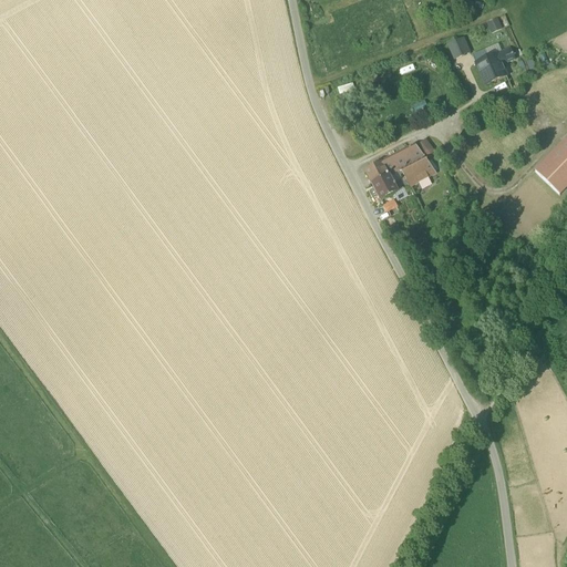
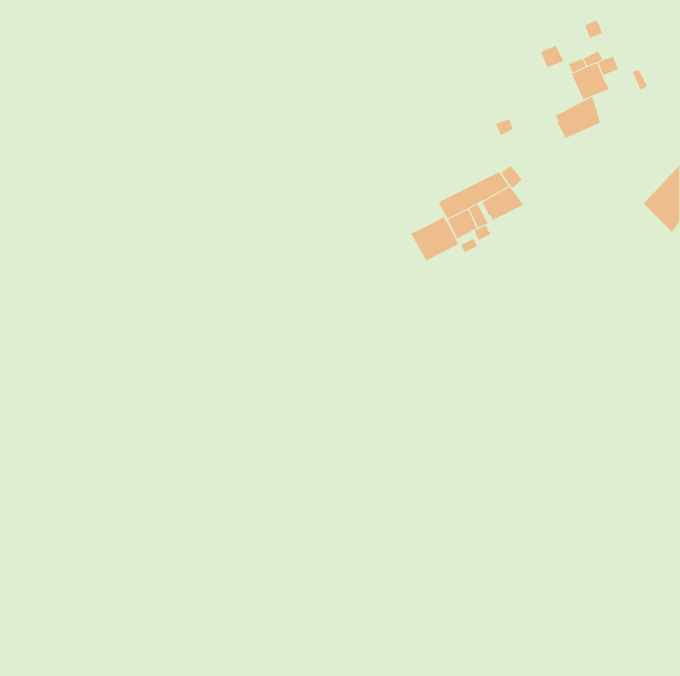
building: none -> [555,96,600,139]
building: none -> [410,216,460,261]

